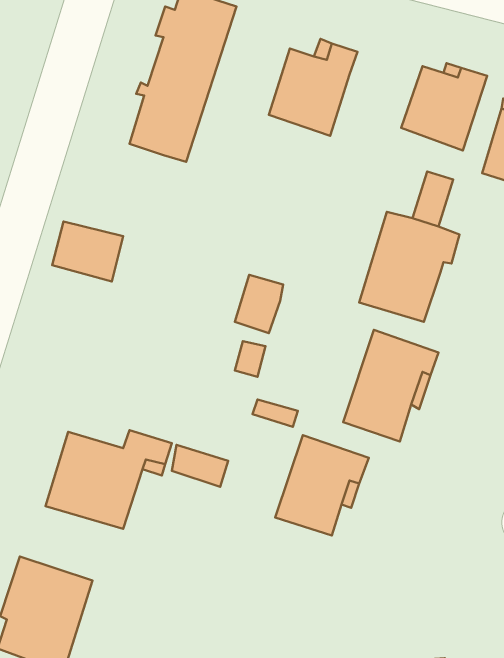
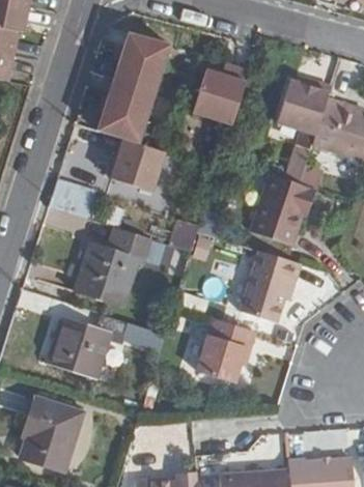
building: none -> [111,137,164,190]
building: none -> [77,229,143,304]

